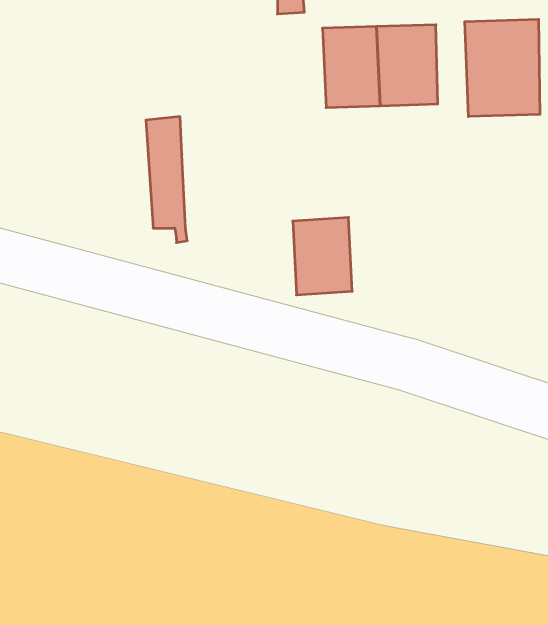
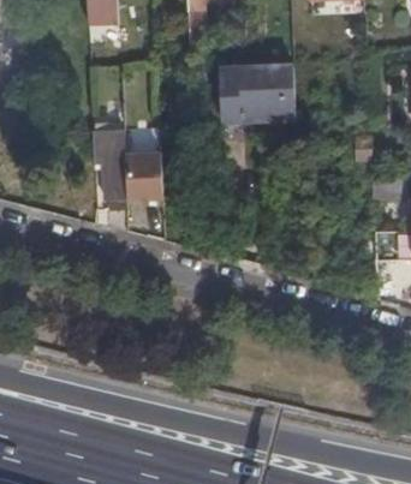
building: [465,19,540,117] -> none
building: [293,217,352,295] -> [124,149,163,201]

